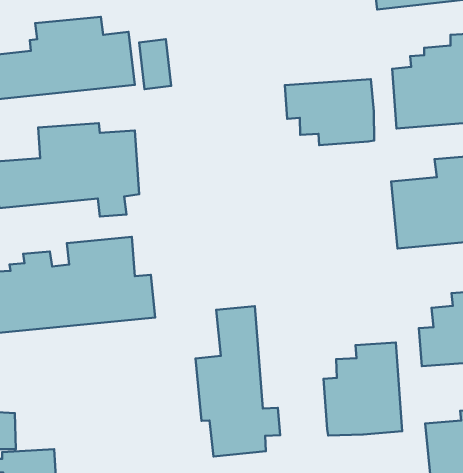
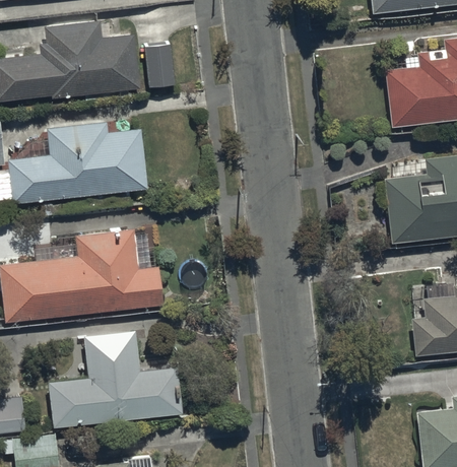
building: [285,79,374,145] -> none
building: [195,306,280,457] -> none
building: none -> [48,331,183,426]
building: [324,343,402,436] -> none

